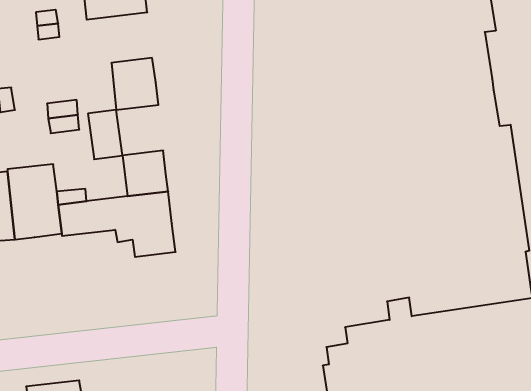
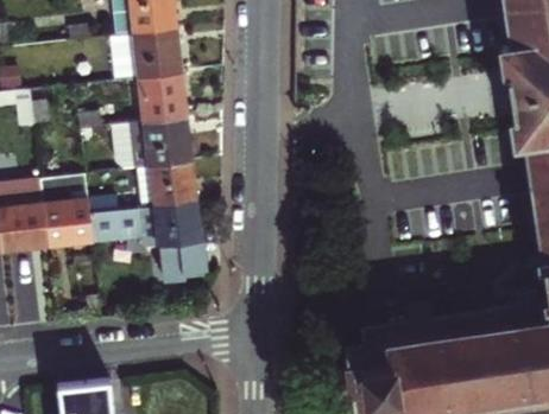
building: none -> [113,28,181,79]
building: none -> [146,117,191,166]

